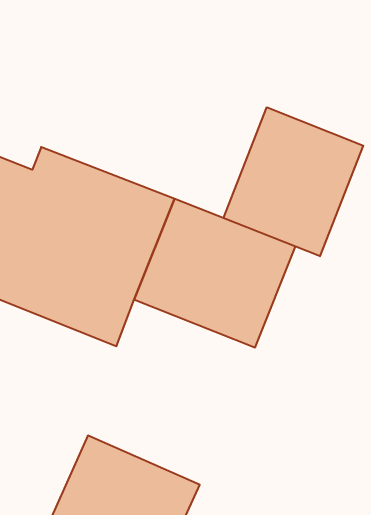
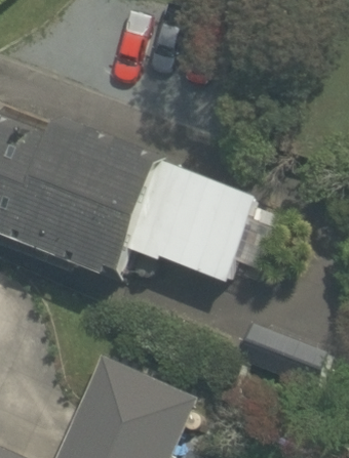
building: [223,107,363,256] -> none

